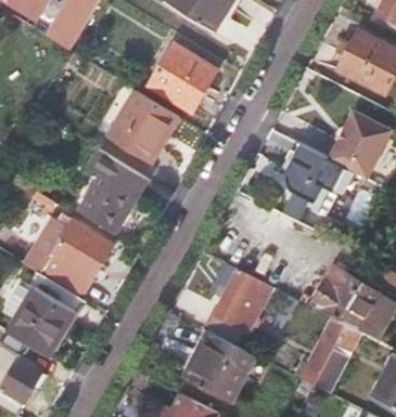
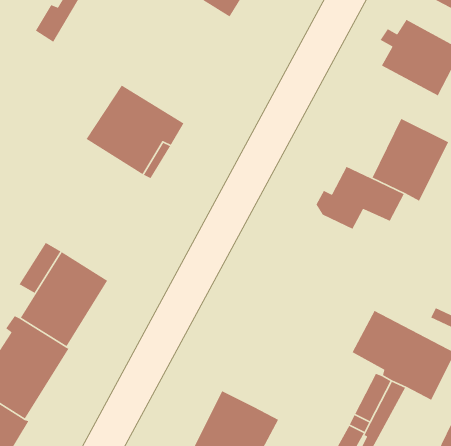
building: [148,44,215,110] -> none
building: [78,146,144,230] -> none
building: [204,270,269,346] -> none

